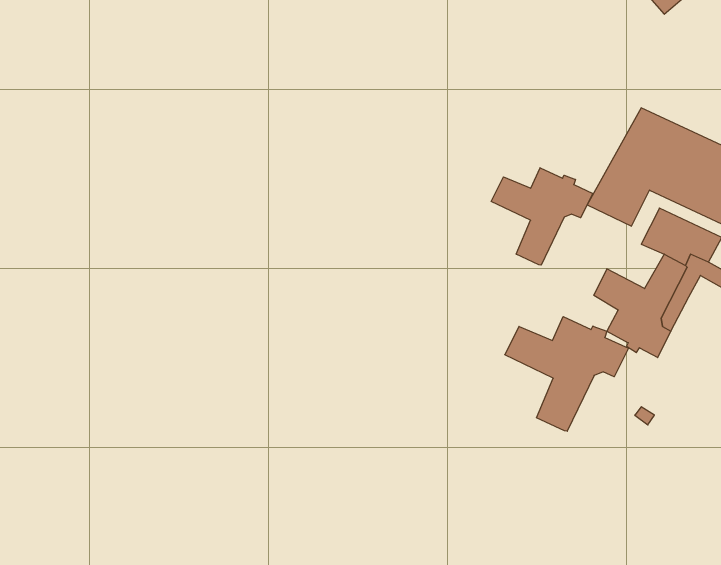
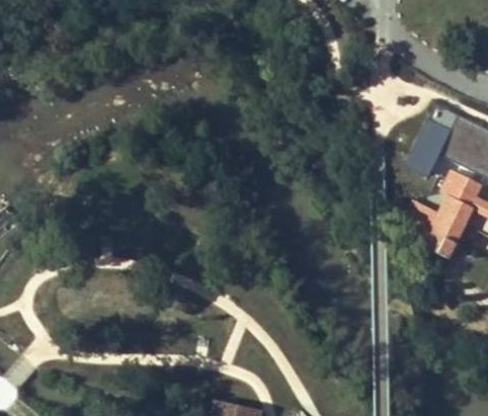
building: [491,168,593,265] -> none
building: [505,317,628,431] -> none

